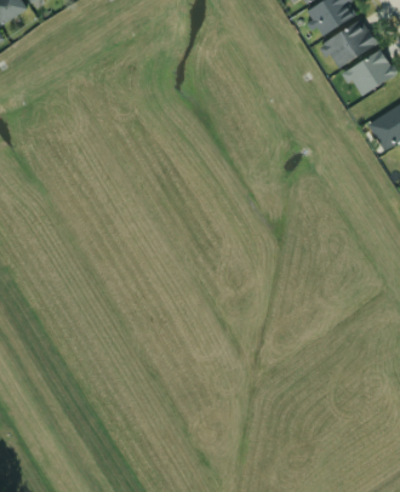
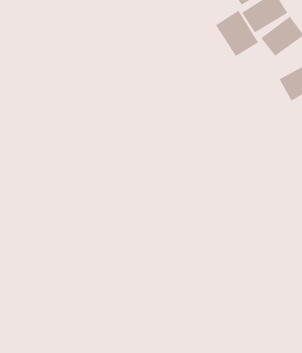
building: none -> [215,10,259,57]

